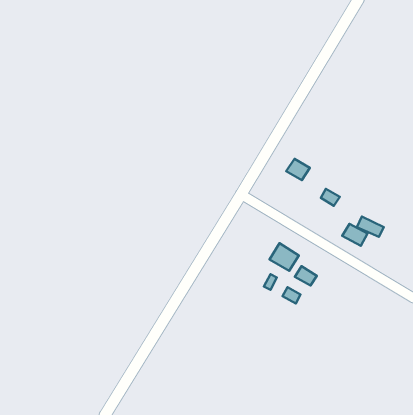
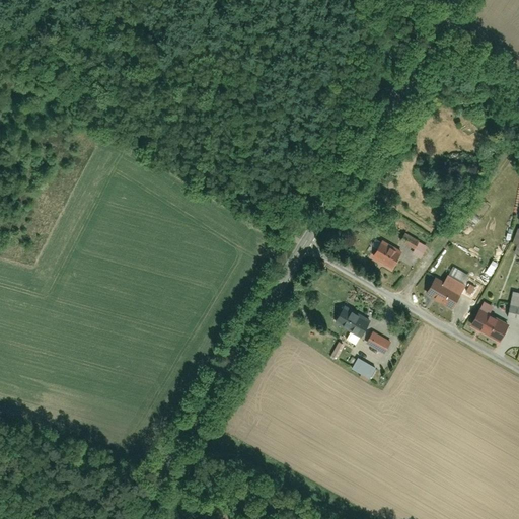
building: [286,159,310,180] -> [372,241,401,268]
building: none -> [470,310,508,343]

